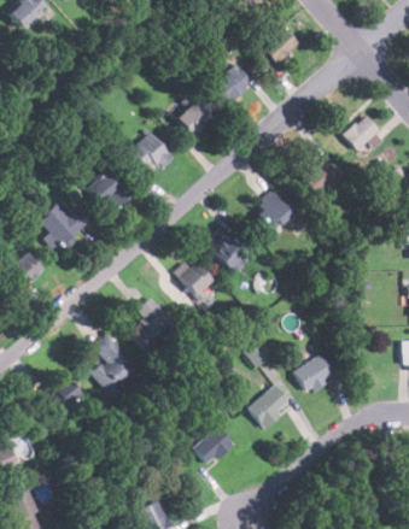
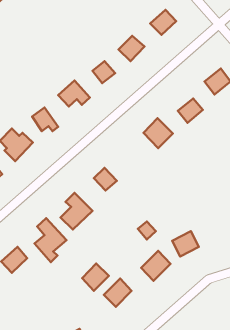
building: [215,235,247,268] -> none
building: none -> [82,263,109,291]

